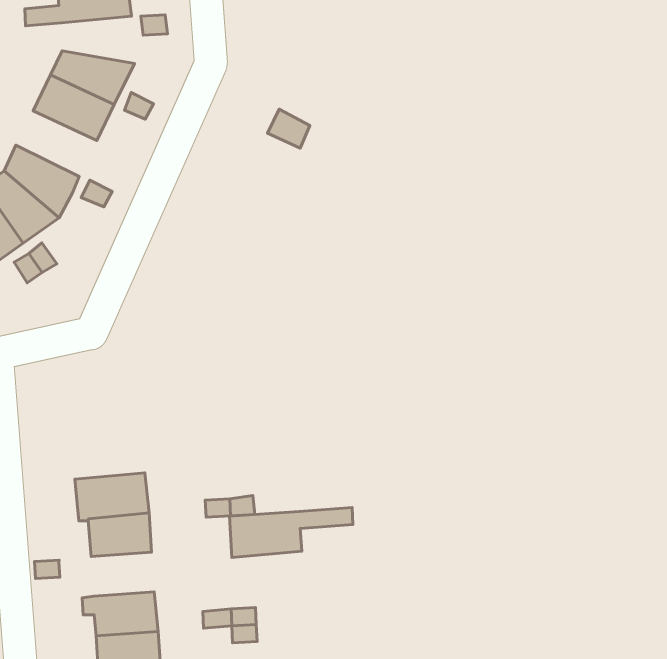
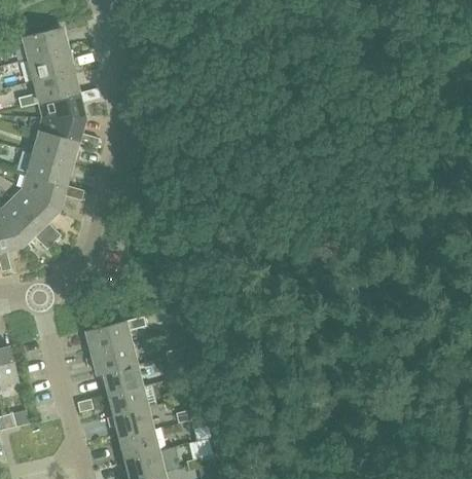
building: none -> [40,91,84,117]
building: none -> [27,153,71,185]
building: [230,508,353,557] -> [86,314,155,353]
building: none -> [108,385,146,415]

